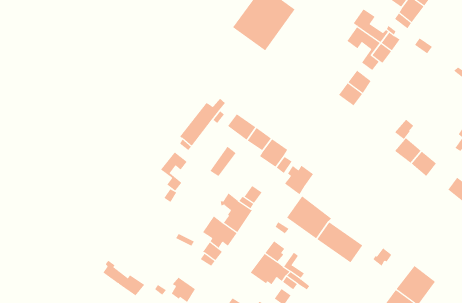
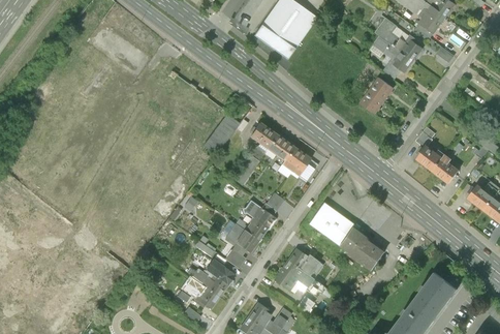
building: [160,152,188,191] -> none
building: [284,165,314,195] -> none
building: [103,260,145,296] -> [185,260,227,296]

